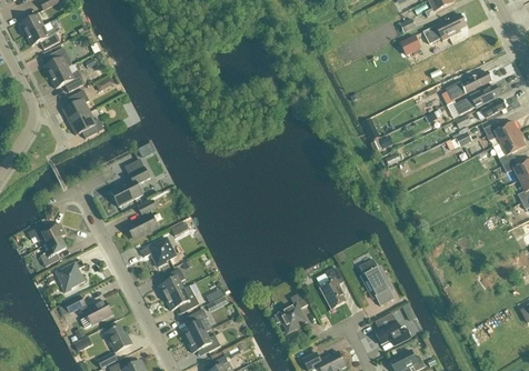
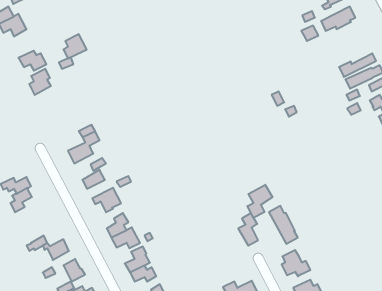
building: [44,47,73,77] -> [63,34,87,58]
building: [70,111,104,139] -> none
building: none -> [247,185,272,218]
building: [57,259,84,292] -> none
building: [275,292,308,333] -> none

